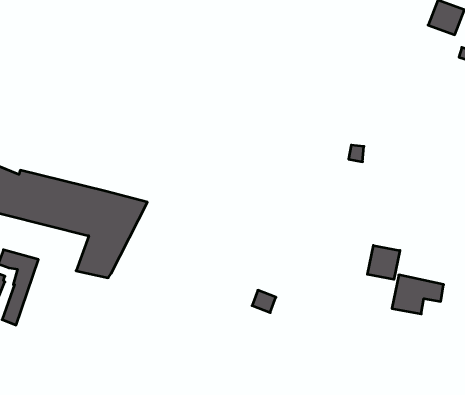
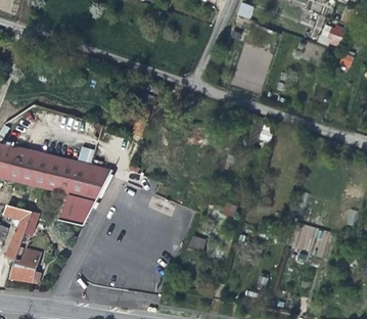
building: [367,245,400,279] -> none
building: none -> [9,248,41,283]

